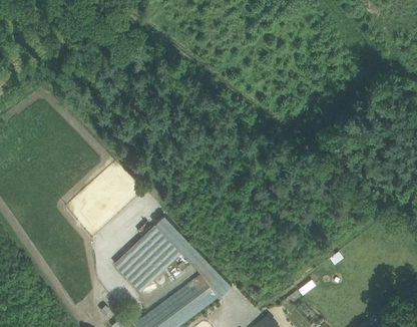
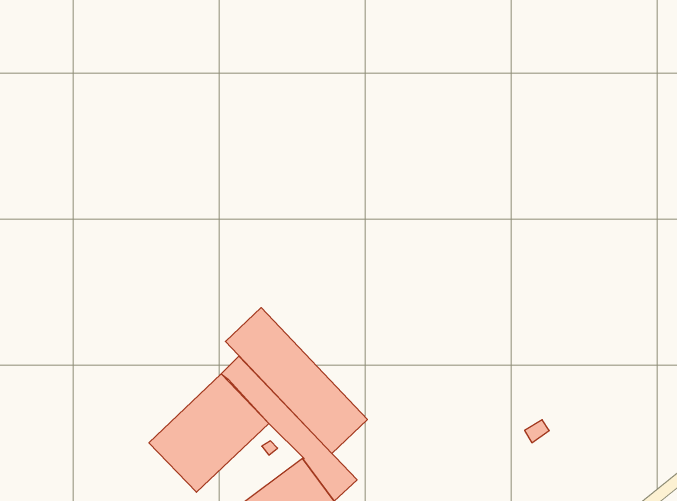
building: none -> [225,308,367,453]

